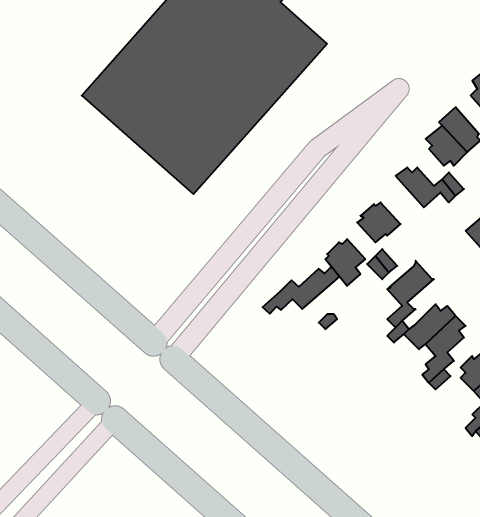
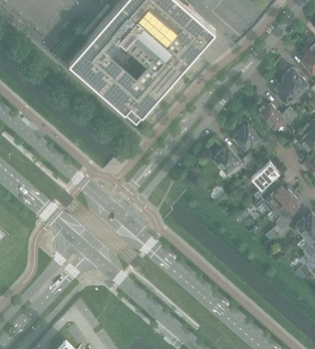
building: [263,266,339,314] -> none

